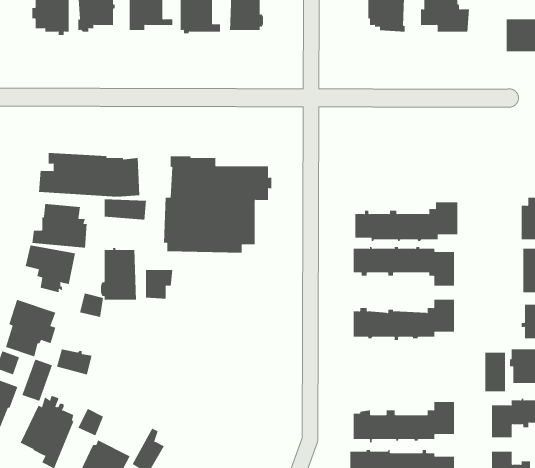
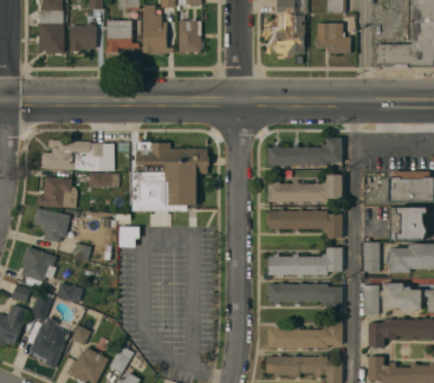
building: none -> [268,138,342,168]
building: [101,247,136,300] -> none
building: none -> [362,240,378,271]
building: none -> [267,280,341,310]

